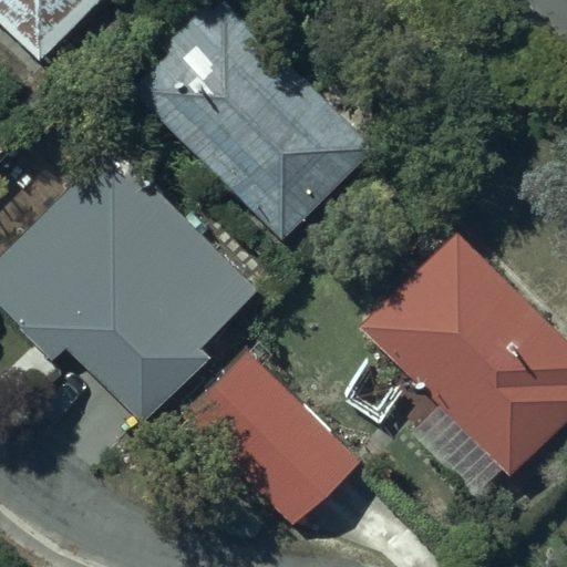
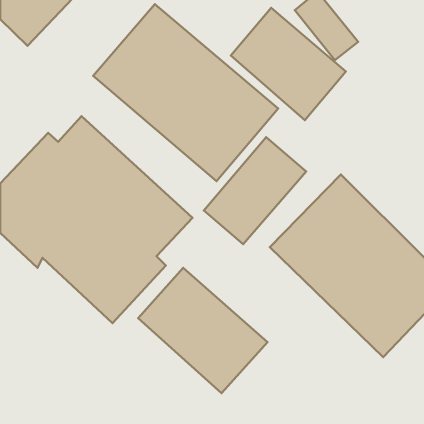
building: none -> [231,8,346,120]
building: none -> [204,137,306,244]

